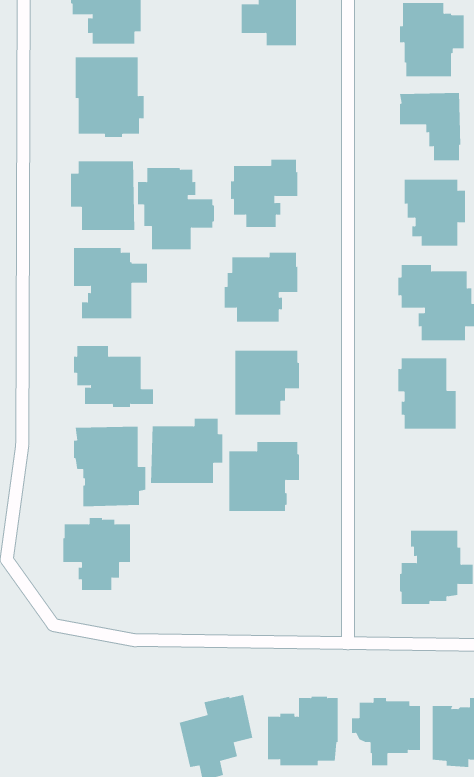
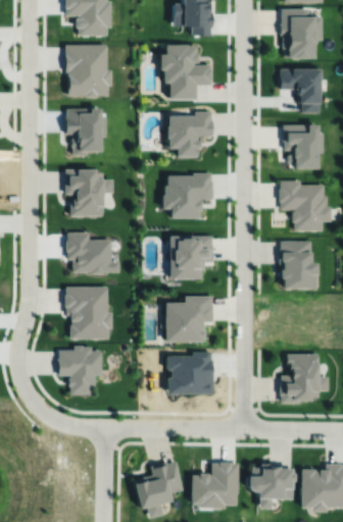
building: [137,168,215,250] -> [161,44,212,98]
building: [150,418,223,483] -> [166,354,214,397]

